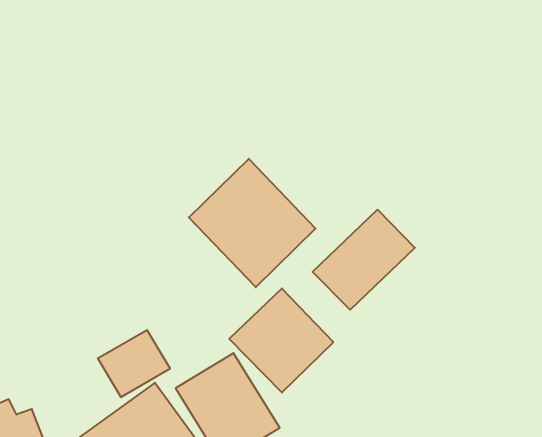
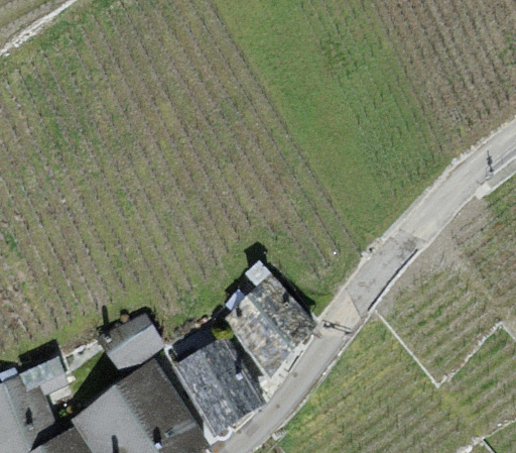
building: [189,159,316,287] -> none
building: [313,210,415,310] -> none

